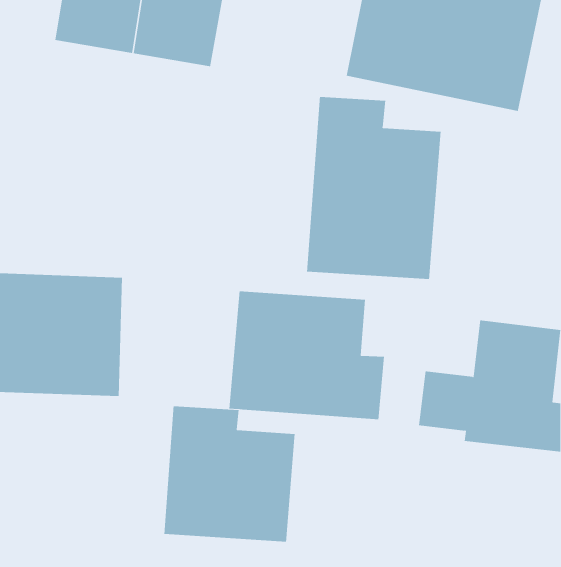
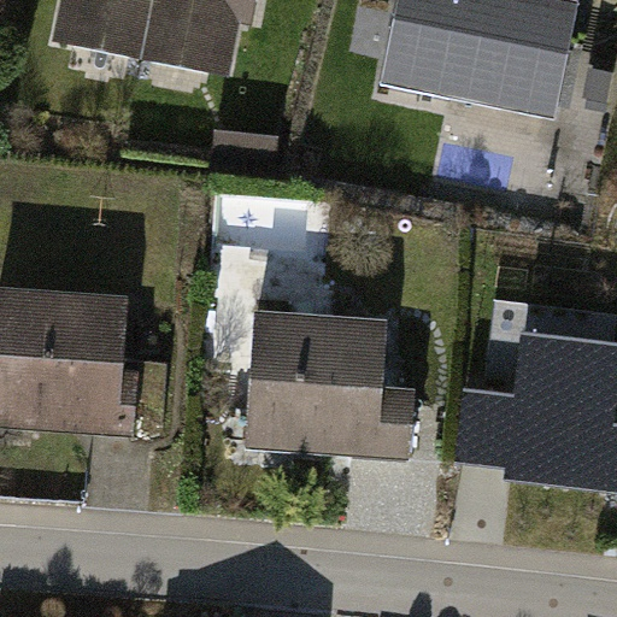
building: [307,96,441,280] -> none
building: [164,405,295,542] -> none

